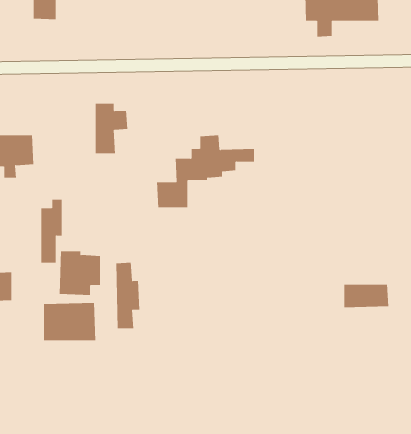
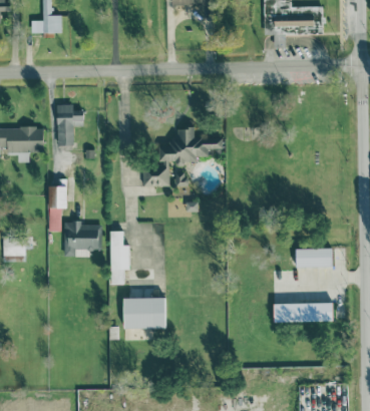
building: [95,103,128,154] -> [57,103,84,144]
building: [43,303,96,341] -> [123,297,166,328]
building: none -> [274,302,334,322]

